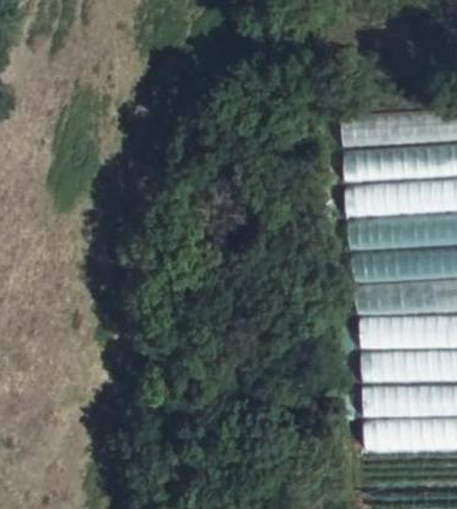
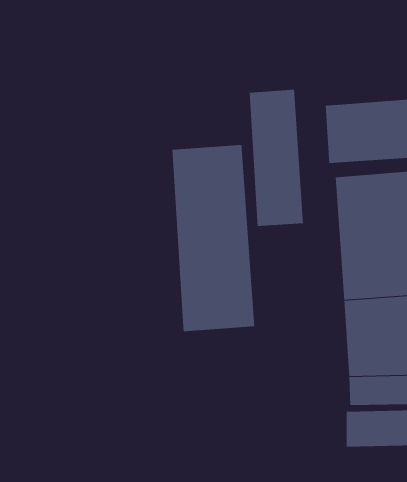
building: none -> [249,89,303,227]
building: none -> [172,144,255,332]

